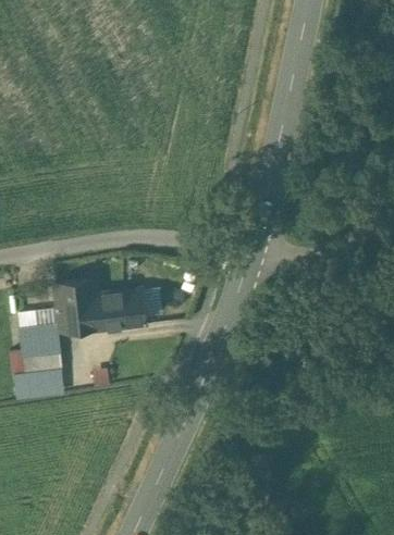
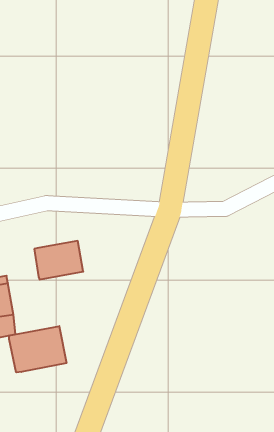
building: [54,281,95,332] -> none
building: none -> [9,326,66,372]

